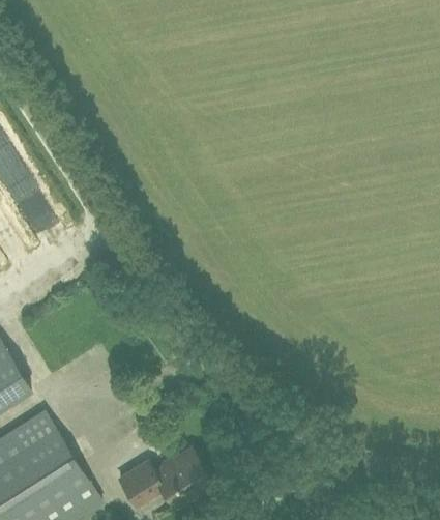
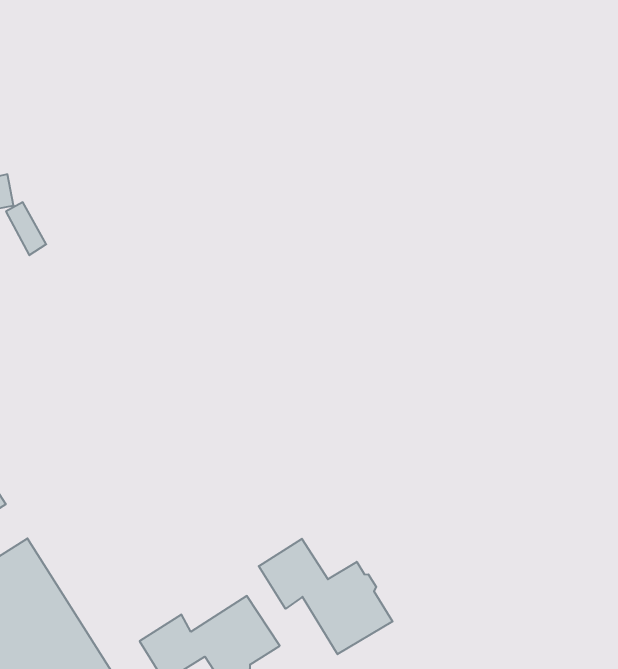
building: none -> [259,539,393,654]

